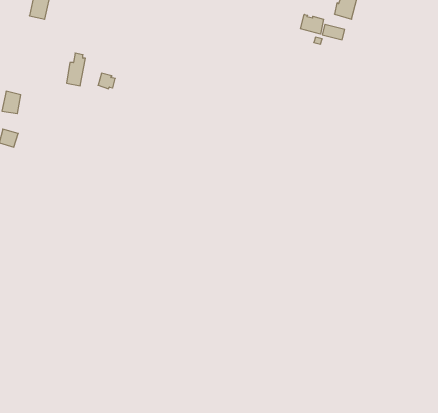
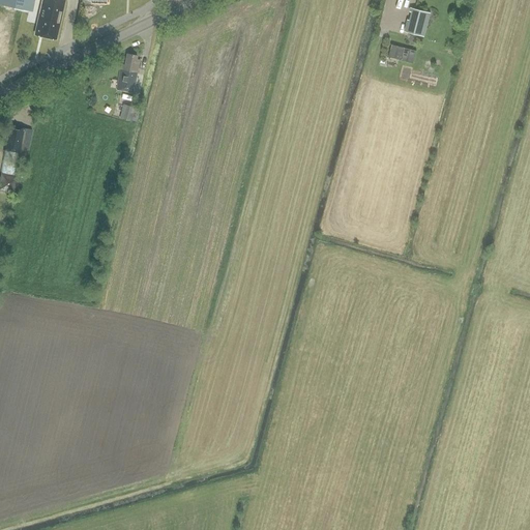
building: [301,14,324,34] -> none
building: [67,53,85,86] -> [117,53,140,92]

